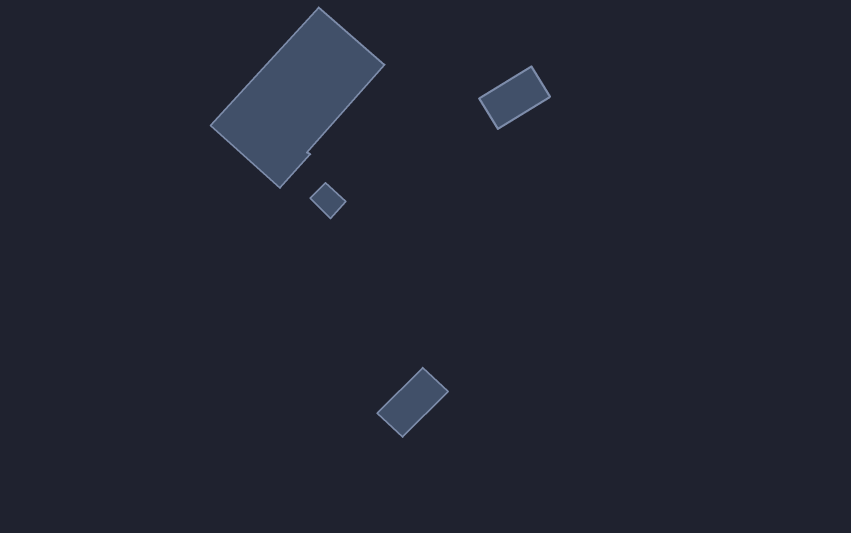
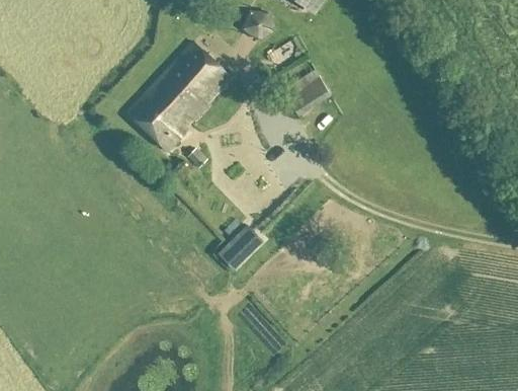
building: [377,368,448,437] -> [218,226,260,267]

